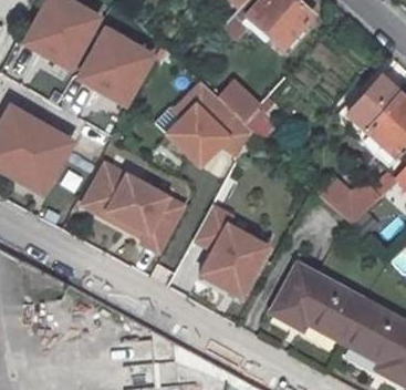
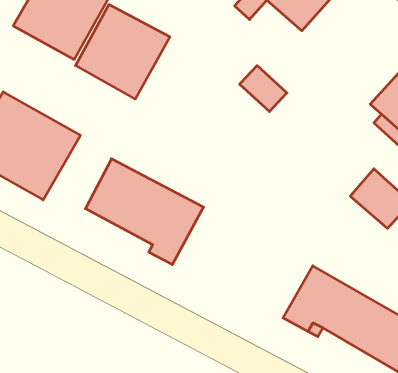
building: [170,80,259,171] -> none
building: [199,205,278,302] -> none

